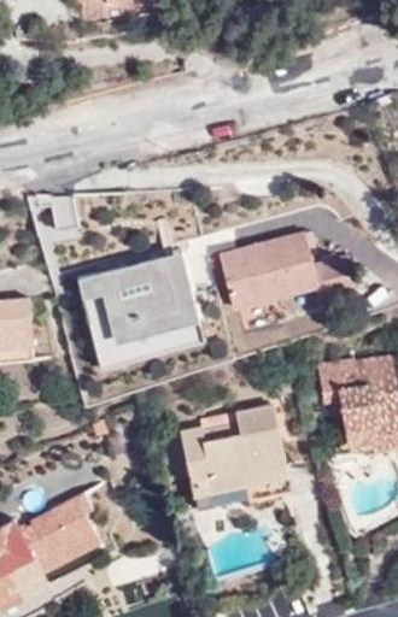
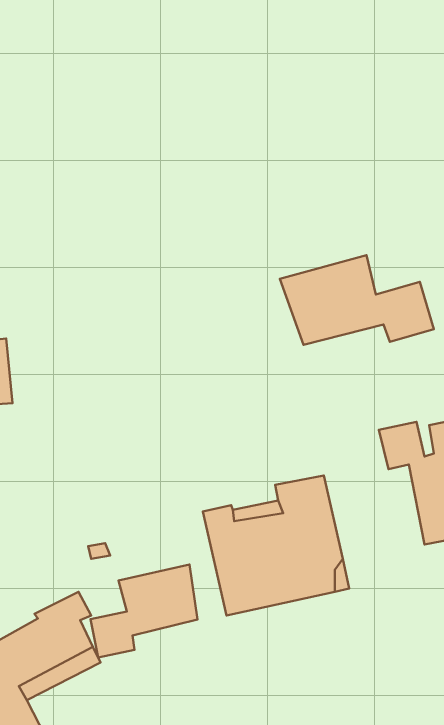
building: [75,252,204,365] -> none
building: [220,252,257,307] -> none
building: none -> [91,564,197,658]

